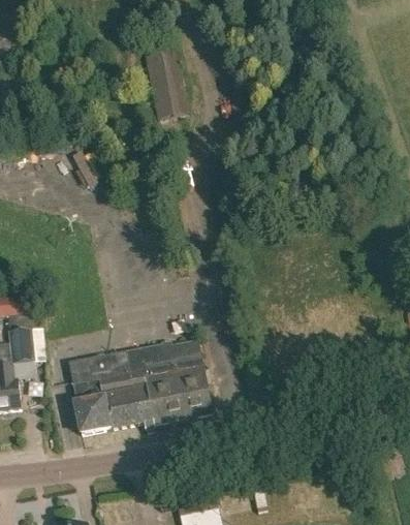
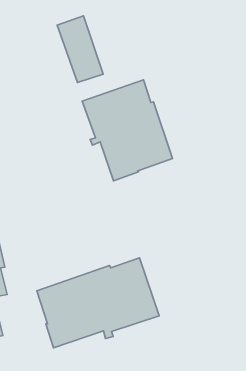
building: none -> [82,80,172,181]

